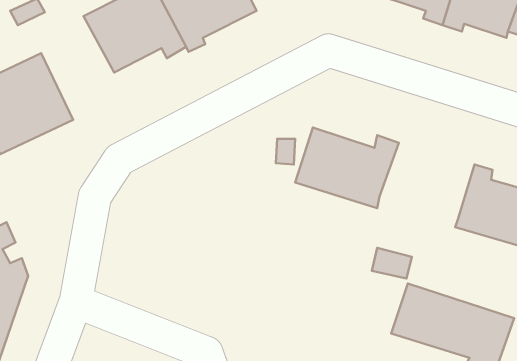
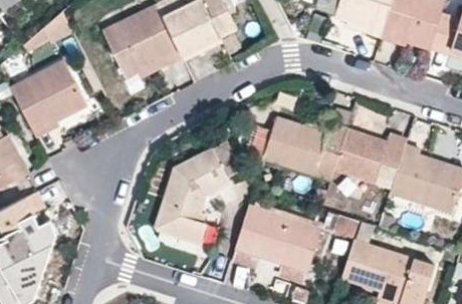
building: none -> [331,129,406,190]
building: none -> [156,146,228,242]
building: none -> [238,206,322,270]

